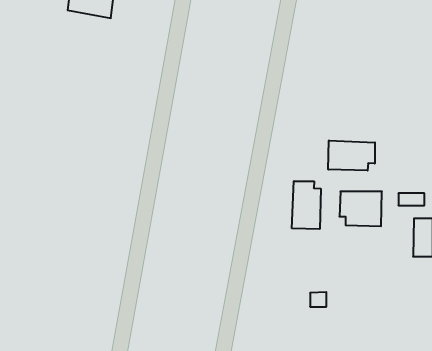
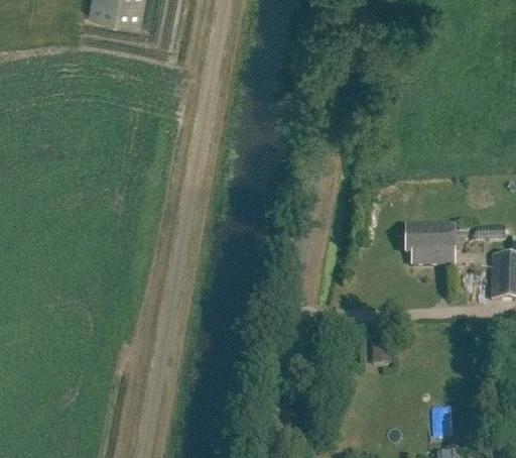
building: [328,140,375,171] -> none
building: [292,181,321,229] -> none

